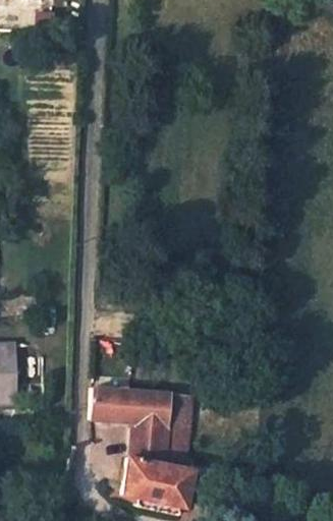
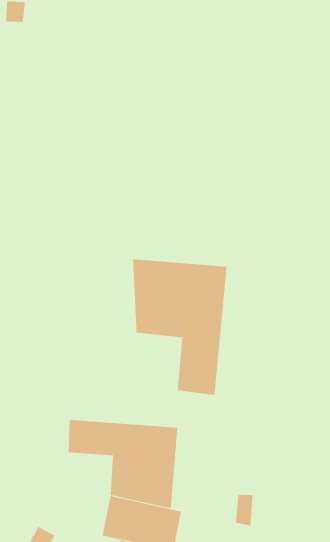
building: none -> [133,258,227,396]

